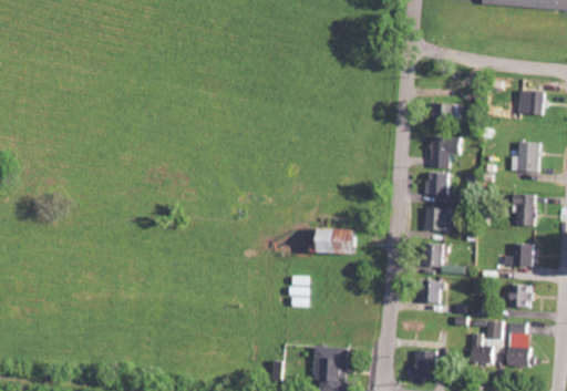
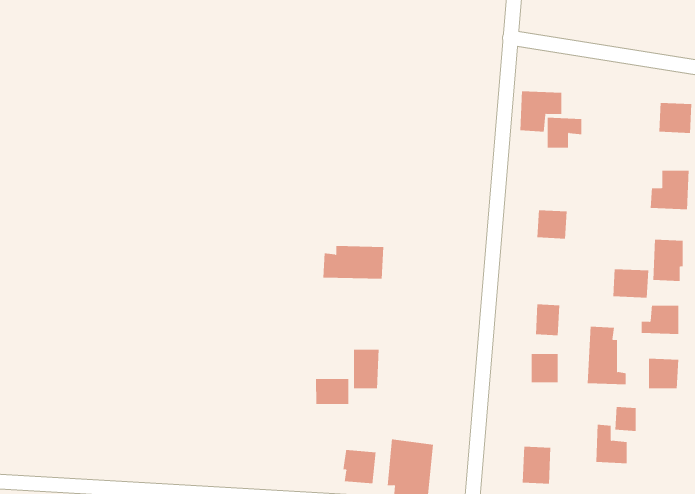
building: [430,136,462,167] -> [520,91,562,132]
building: [424,207,452,229] -> [612,269,649,298]
building: [311,228,358,254] -> [322,245,384,279]
building: none -> [316,378,349,405]
building: [506,322,536,367] -> [587,326,627,385]
building: none -> [343,449,376,484]

